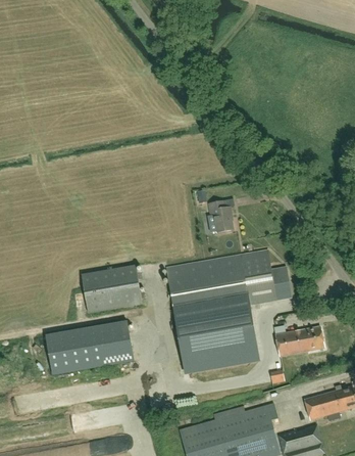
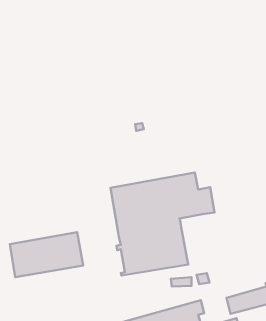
building: [208,200,233,232] -> none
building: [81,264,143,313] -> none
building: [275,325,324,356] -> none

